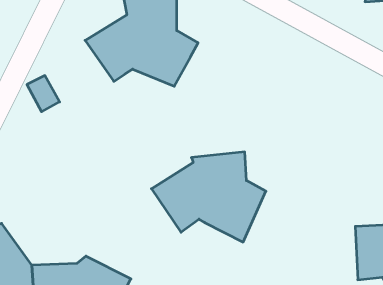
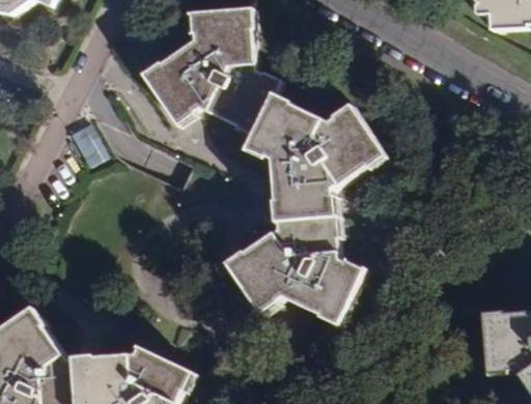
building: none -> [247,96,389,224]

